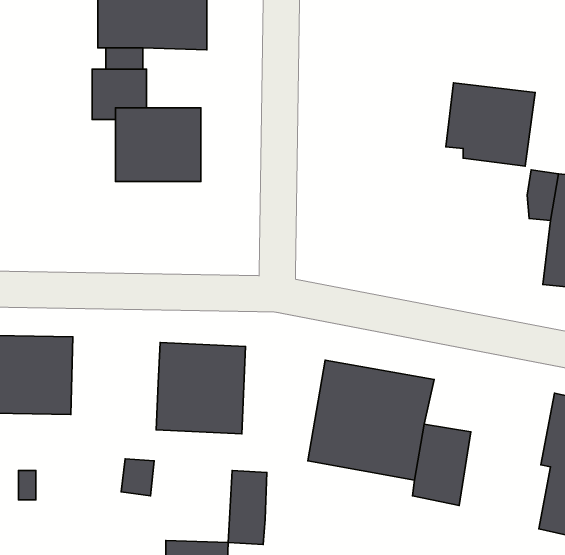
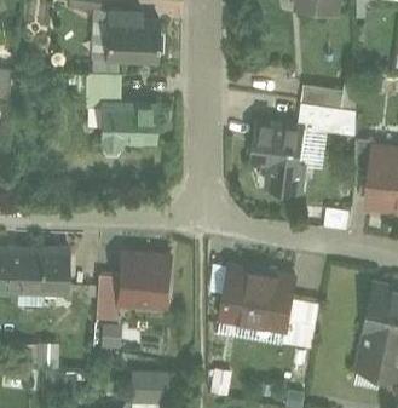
building: none -> [253,121,316,190]
building: [228,471,267,544] -> [99,274,123,320]

